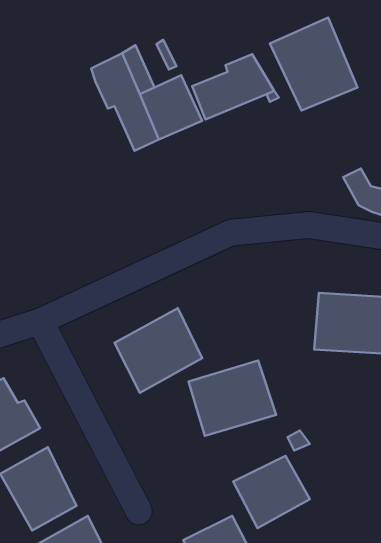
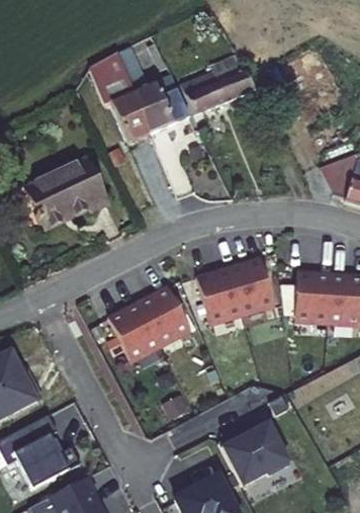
building: [270,18,357,110] -> none
building: none -> [25,157,108,228]
building: [188,360,276,436] -> [195,256,275,325]

